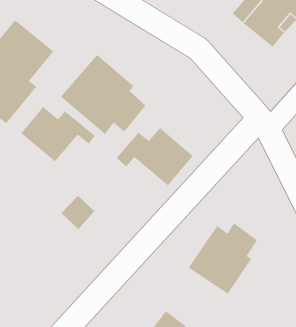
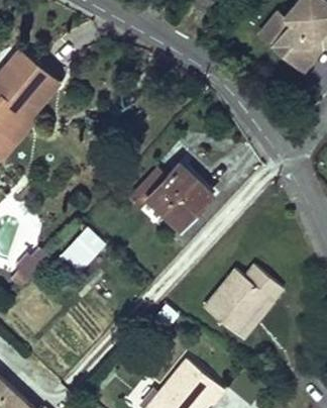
building: [60,54,146,135] -> none
building: [21,106,96,162] -> none

